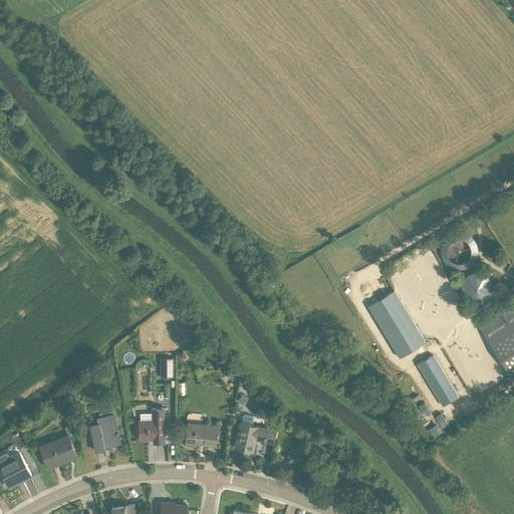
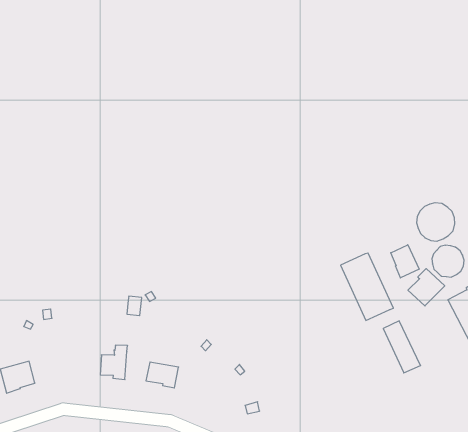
building: none -> [391,245,419,278]
building: none -> [408,269,445,306]
building: [89,415,119,452] -> none
building: [234,415,274,453] -> none

